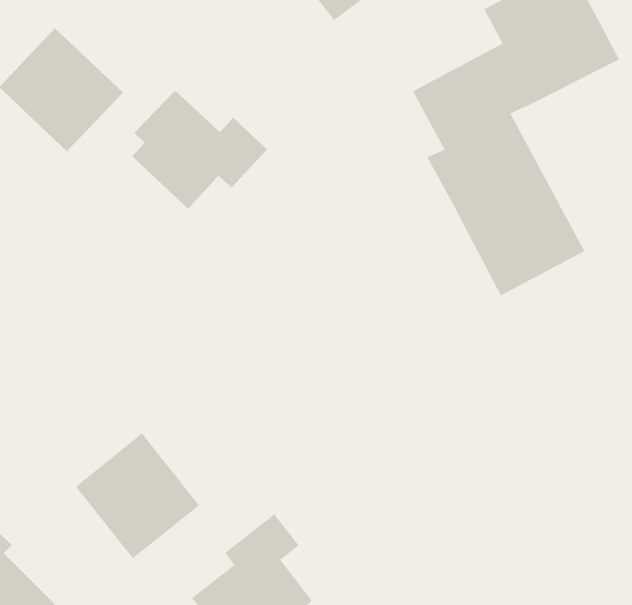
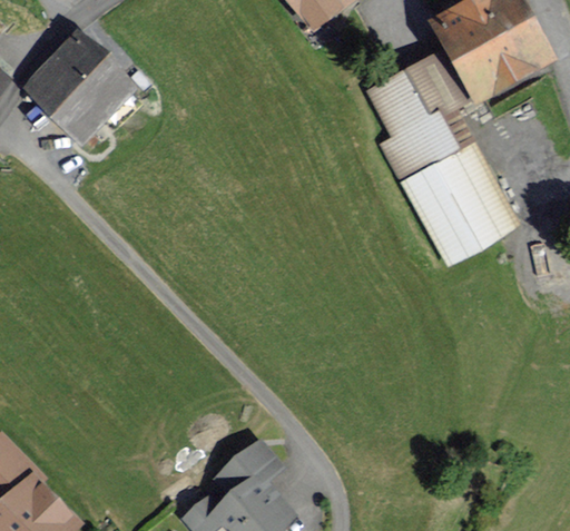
building: [132,90,268,210] -> none
building: [75,433,200,559] -> none

